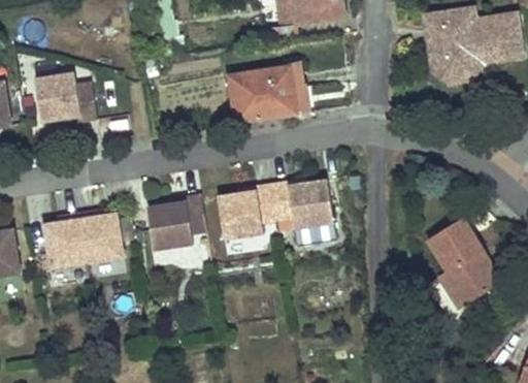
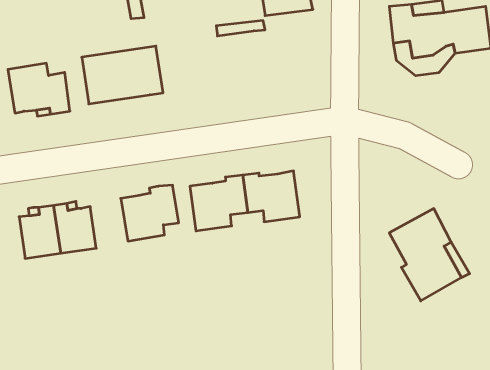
building: [226,61,308,120] -> [82,46,163,104]

